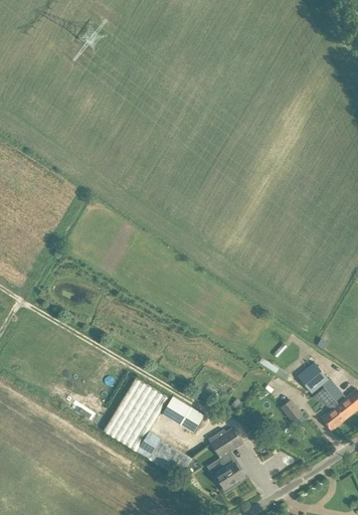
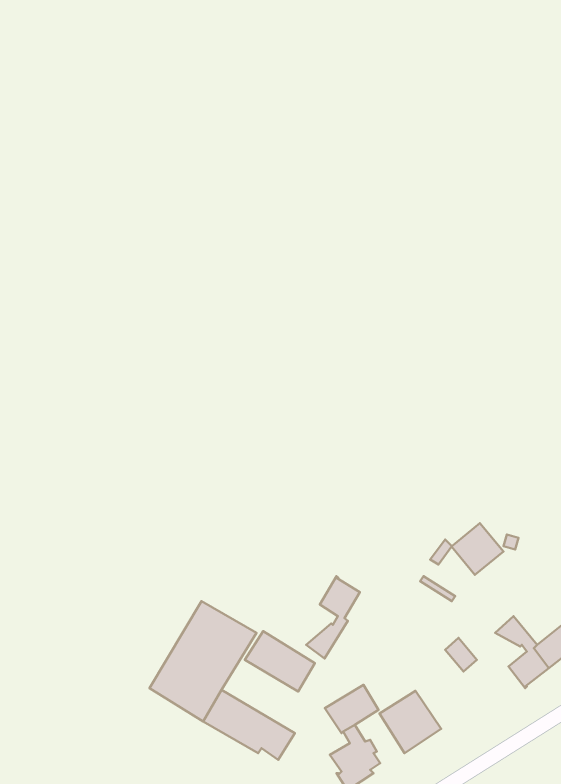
building: [298,362,329,393] -> [452,523,503,575]
building: none -> [306,576,360,658]
building: none -> [379,691,441,753]

